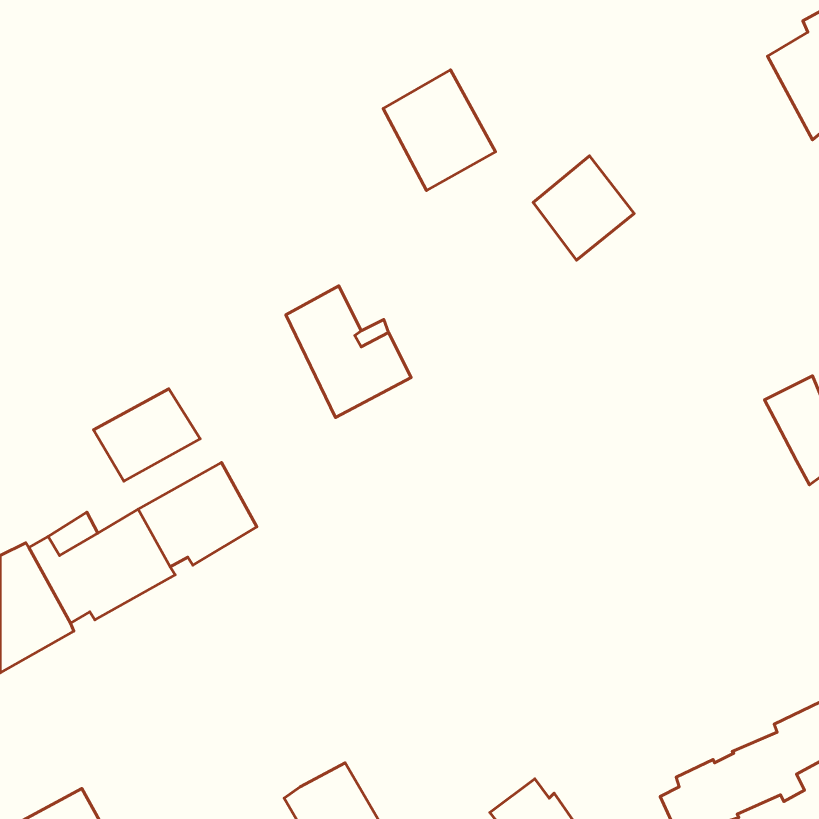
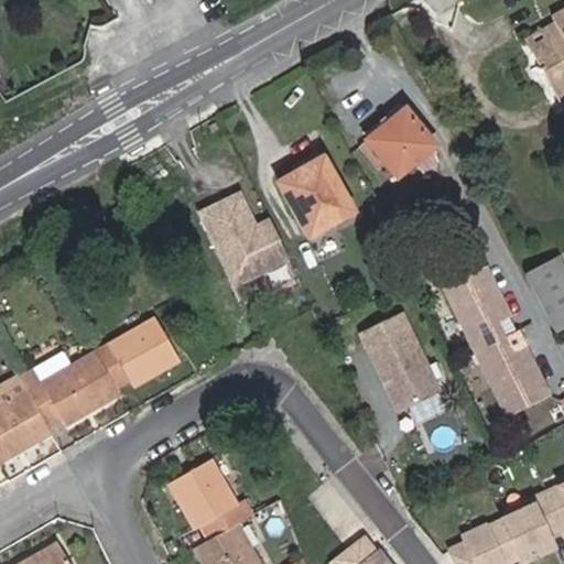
building: [383,70,496,190] -> [276,155,354,238]
building: none -> [446,263,552,414]
building: [94,389,200,481] -> none
building: none -> [357,312,437,411]
building: none -> [169,460,253,541]

